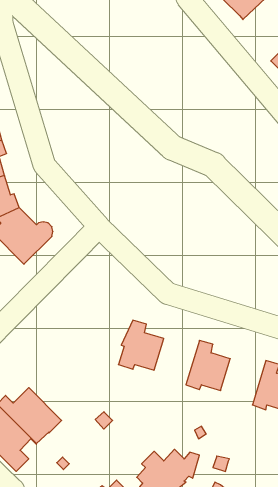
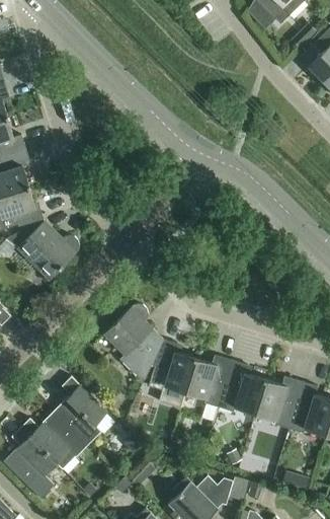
building: none -> [103,304,163,380]
building: none -> [185,357,233,407]
building: none -> [54,376,107,445]
building: none -> [255,378,303,429]

